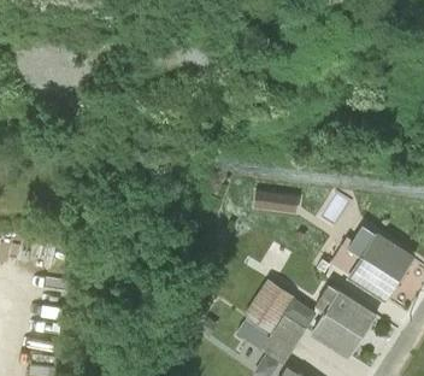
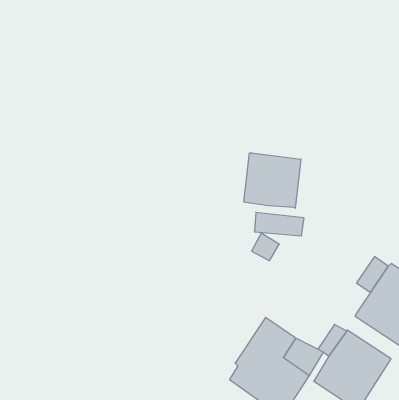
building: none -> [244,153,301,208]

